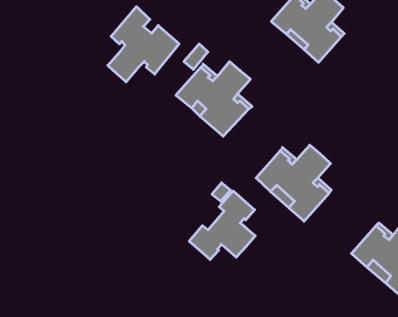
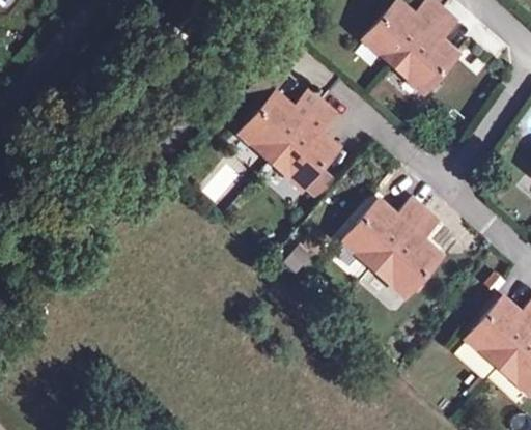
building: [108,7,179,82] -> none
building: [189,191,255,260] -> none

